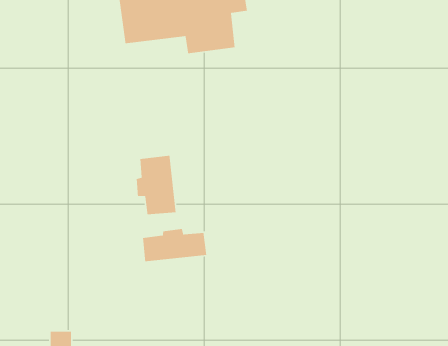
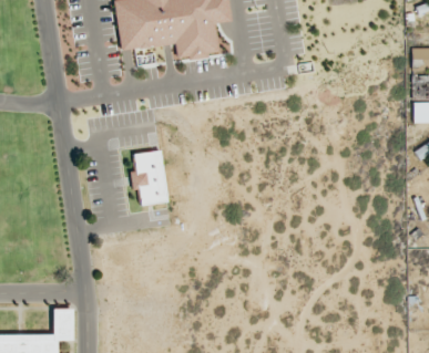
building: [142,228,207,262] -> none

